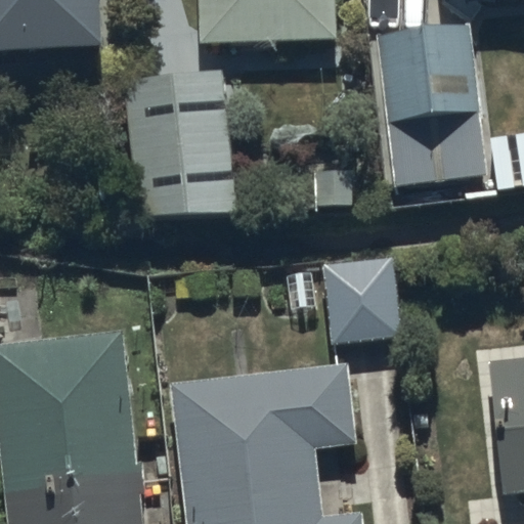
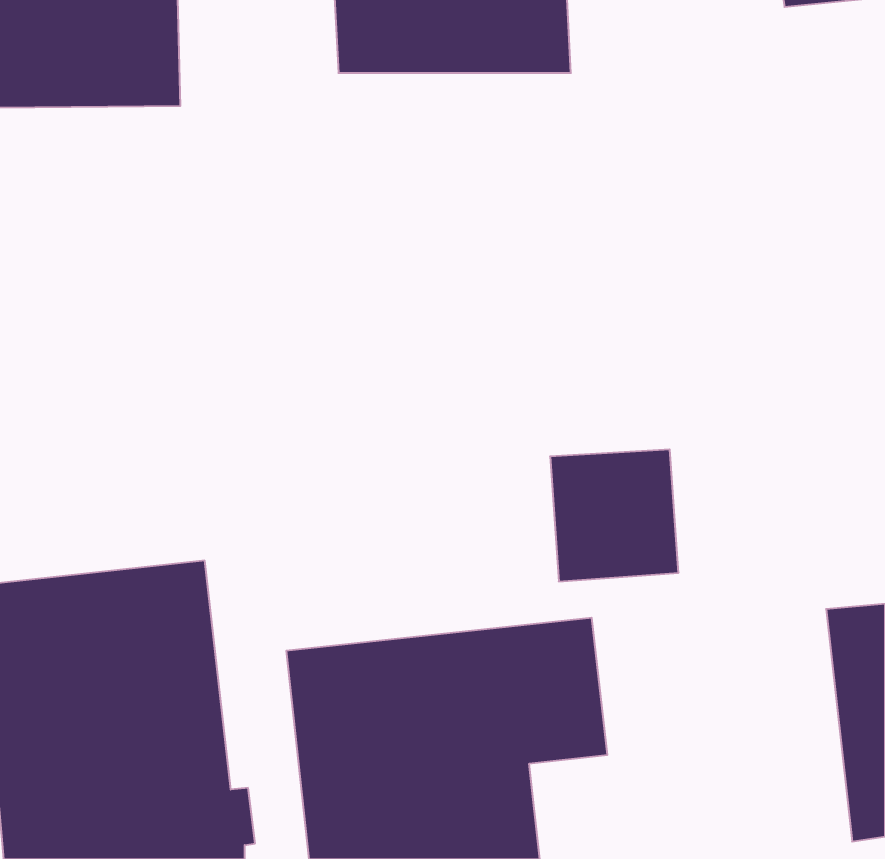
building: [377,25,489,192] -> none
building: [120,68,239,230] -> none

